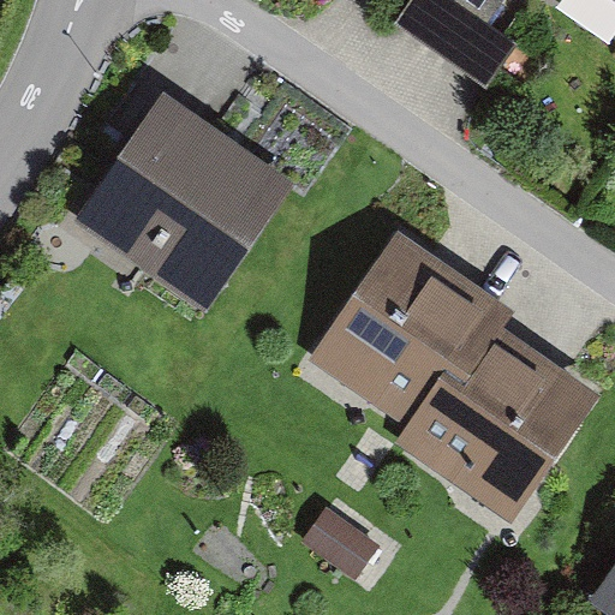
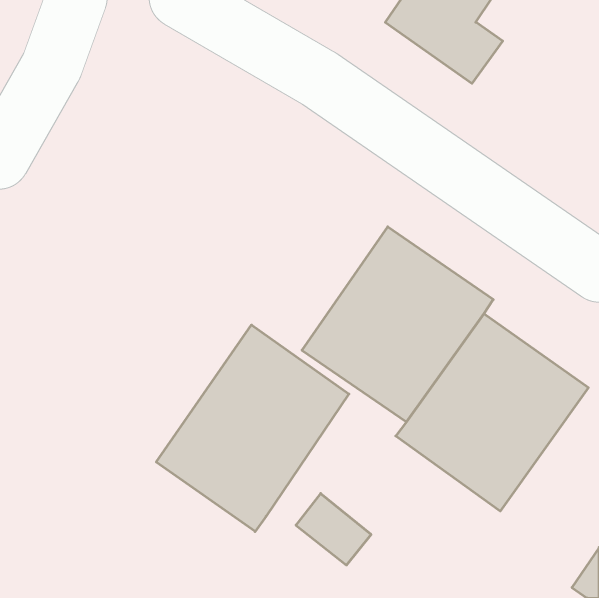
building: [74,94,292,309] -> none
building: none -> [156,325,349,532]

